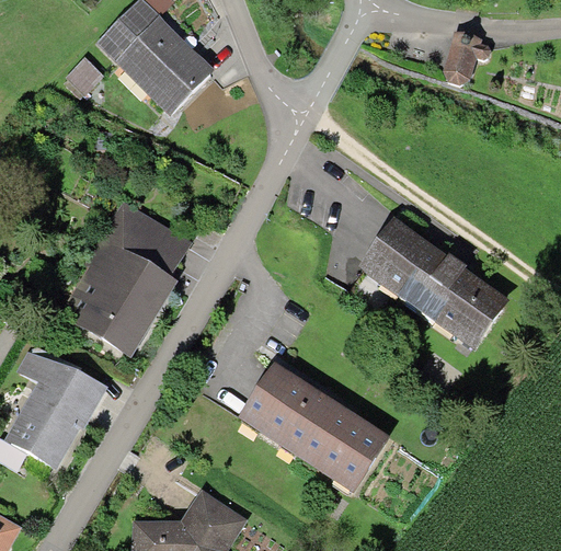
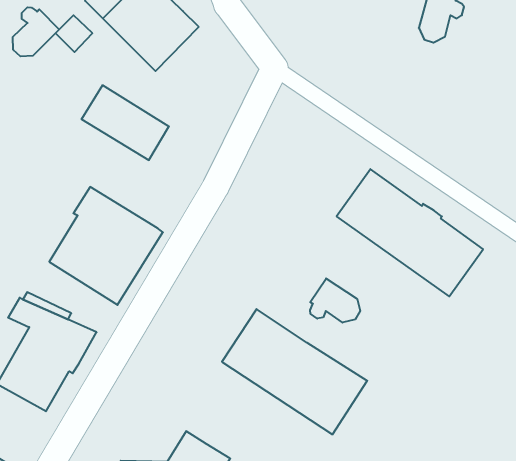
building: none -> [13,7,59,56]
building: [101,200,192,278] -> [81,85,169,160]
building: none -> [310,278,360,323]

